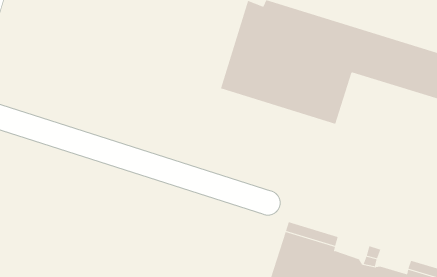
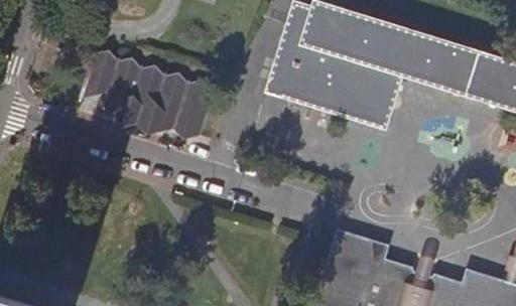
building: none -> [74,51,213,138]

